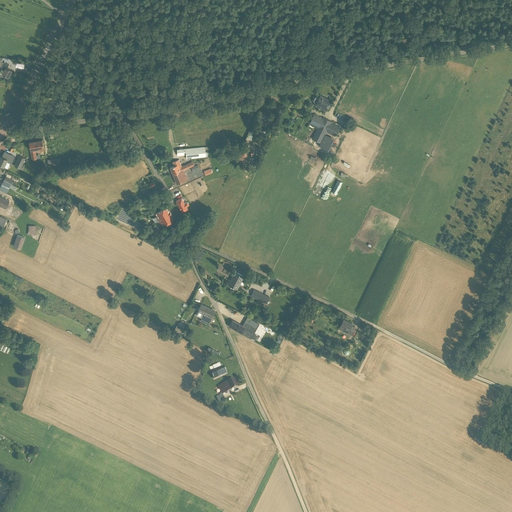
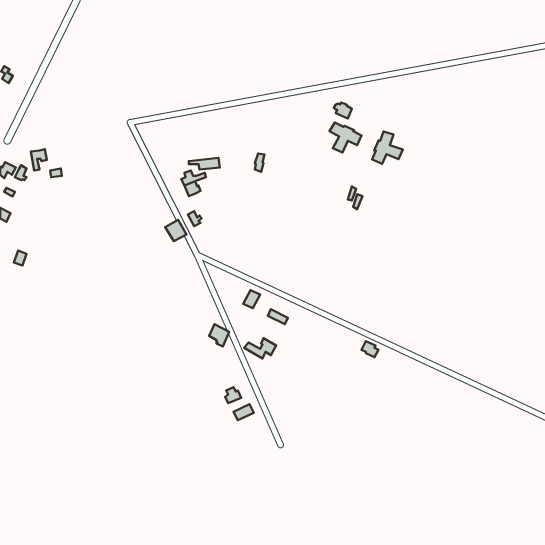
building: none -> [372,132,403,164]

